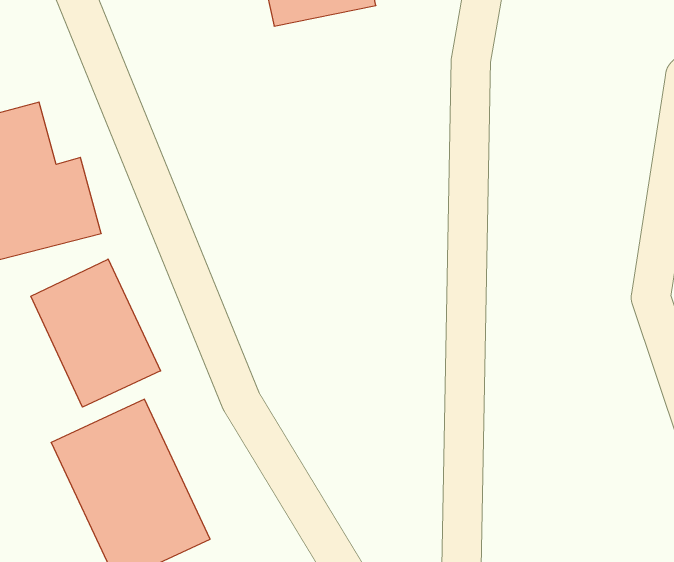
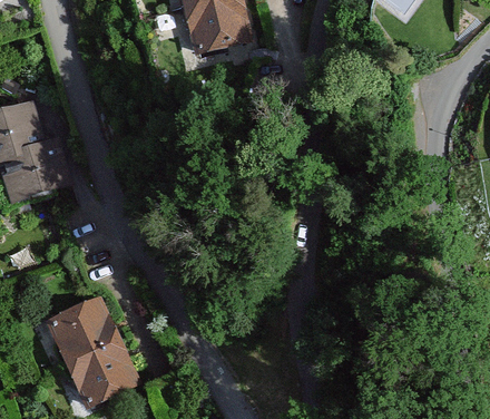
building: [31,259,161,407] -> none

